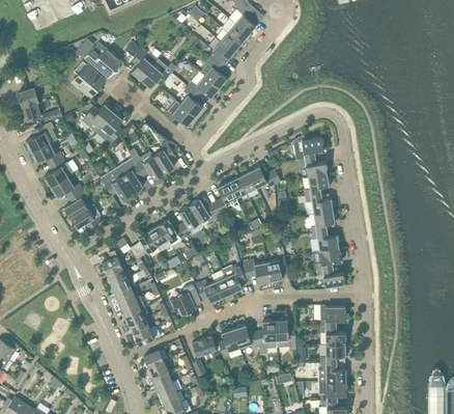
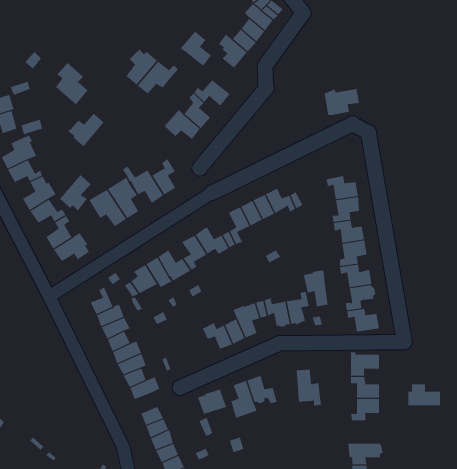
building: [77,37,121,73] -> none
building: [200,57,227,87] -> [180,31,212,67]
building: [96,111,123,142] -> [59,174,91,211]
building: [293,136,323,159] -> [324,88,360,116]
building: none -> [303,270,328,307]
building: [170,283,201,314] -> none
building: [256,320,277,354] -> none
building: [318,362,346,381] -> [407,384,441,406]

